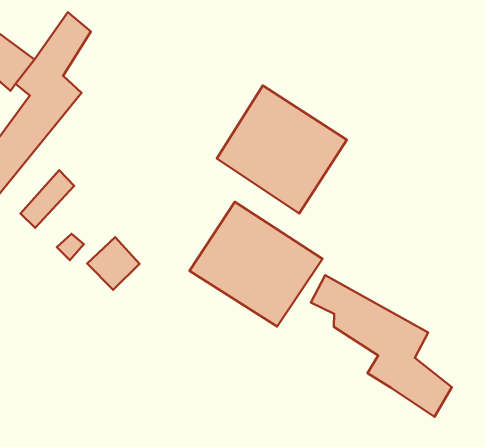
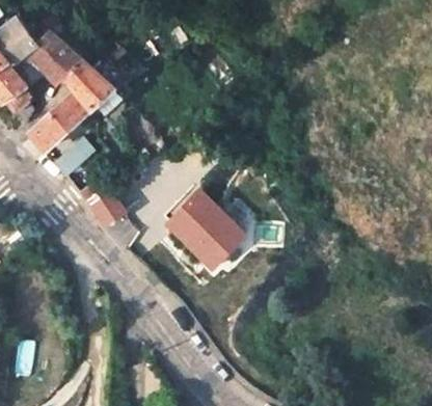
building: [217,85,347,213] -> none
building: [311,275,452,417] -> none

